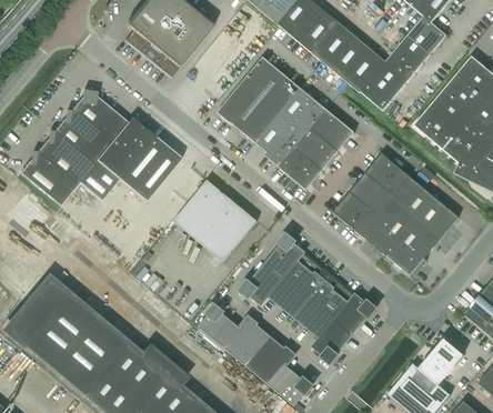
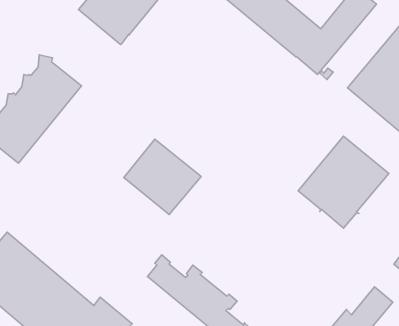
building: [217,56,354,189] -> none
building: [79,117,181,200] -> none
building: [333,152,410,234] -> none
building: [240,233,375,363] -> none

